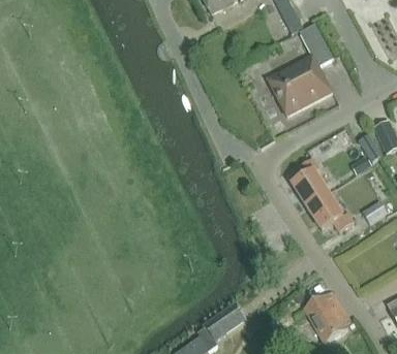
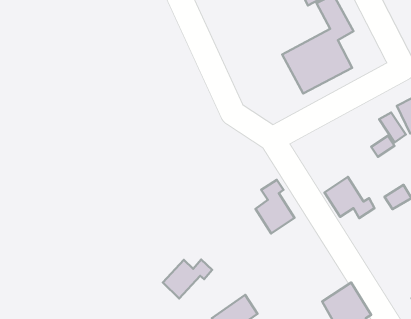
building: [292,158,328,207] -> [256,180,295,233]
building: none -> [163,260,212,298]

